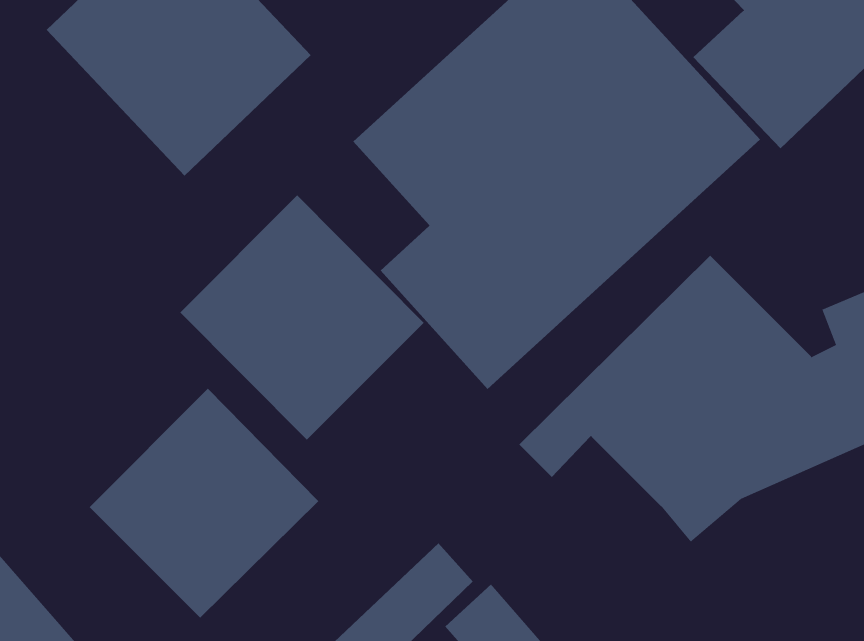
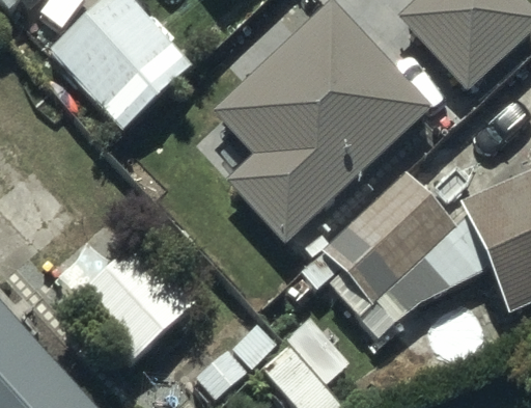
building: [180,195,424,441] -> none

